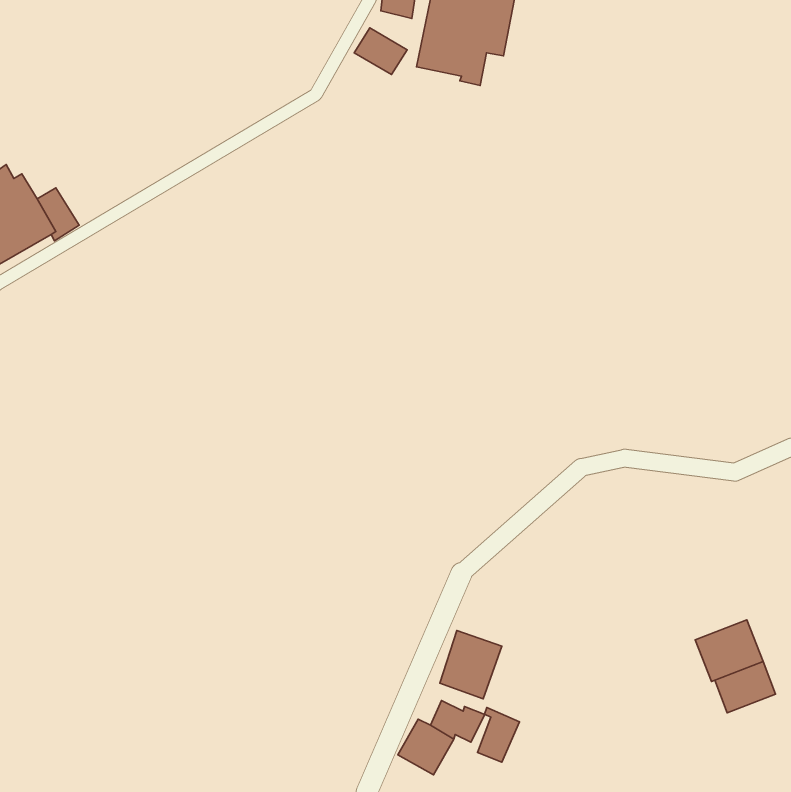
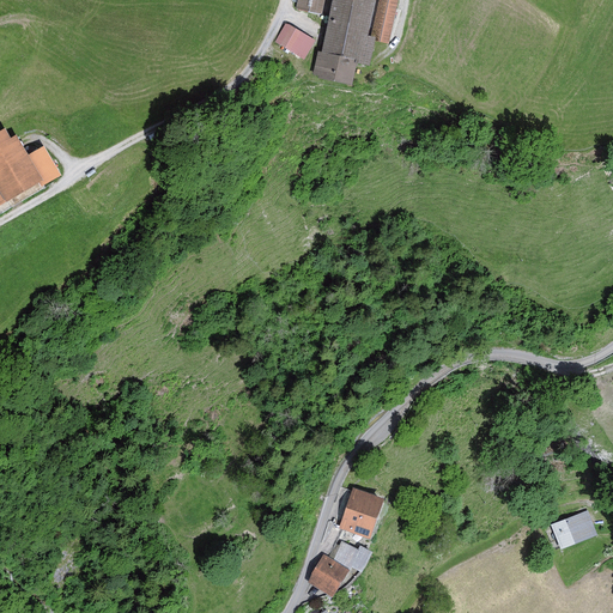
building: none -> [312,50,356,84]
building: [695,620,763,682] -> none
building: [477,708,519,762] -> none

